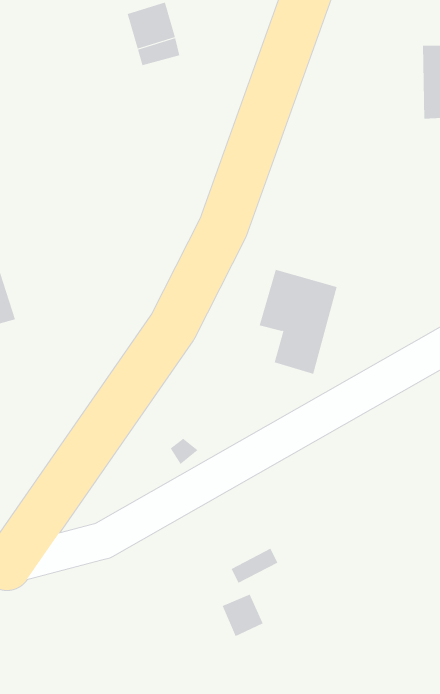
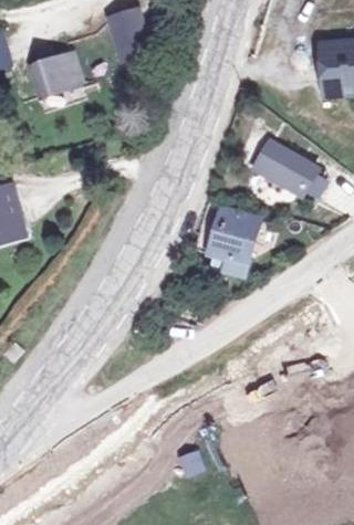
building: none -> [29,42,77,92]
building: none -> [257,145,306,187]

